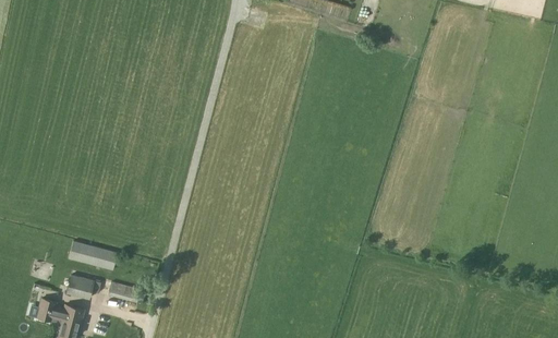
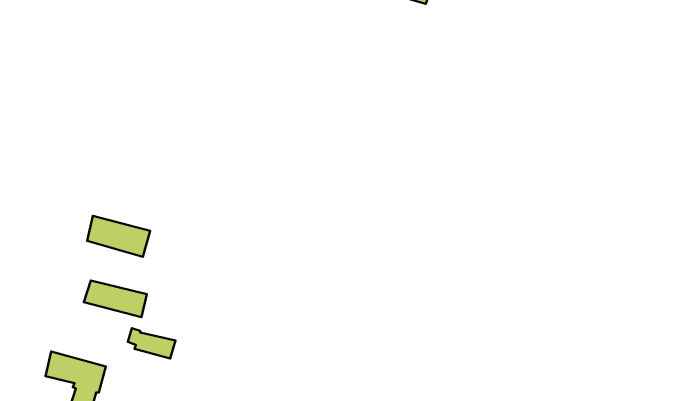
building: none -> [87,216,150,257]
building: [65,273,95,299] -> none

